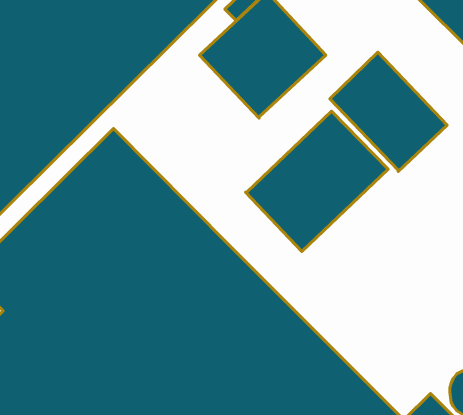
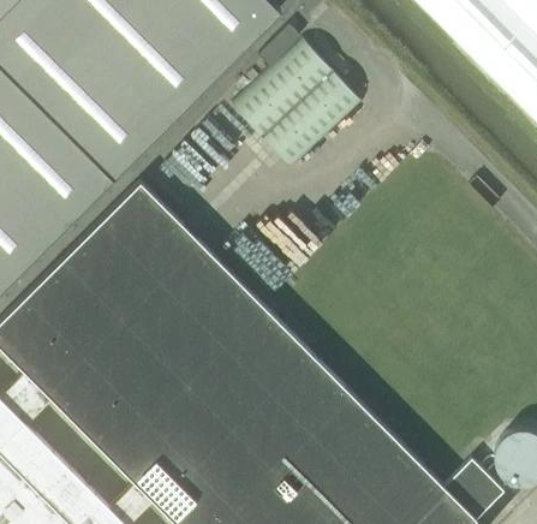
building: [330,52,447,171] -> none
building: [246,111,388,252] -> none

